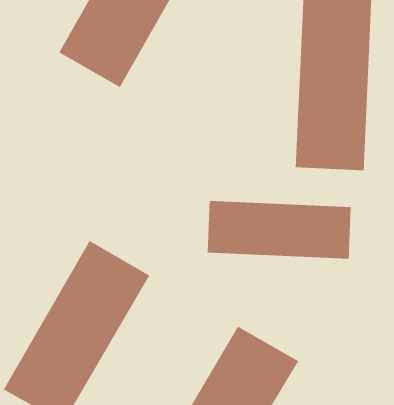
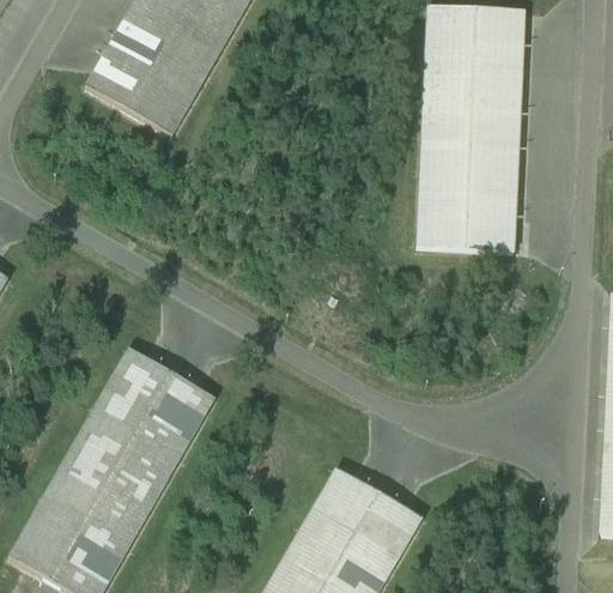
building: [207,200,351,260] -> none

